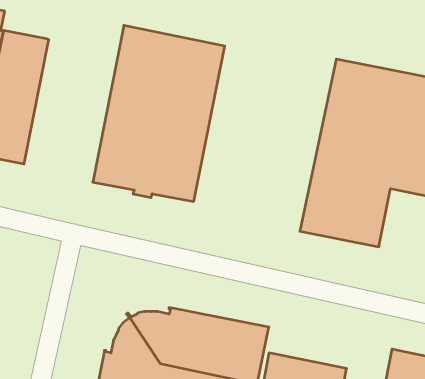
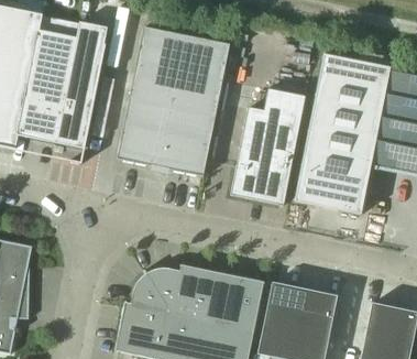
building: none -> [58,21,107,148]
building: none -> [233,89,307,206]
building: none -> [266,281,337,317]

